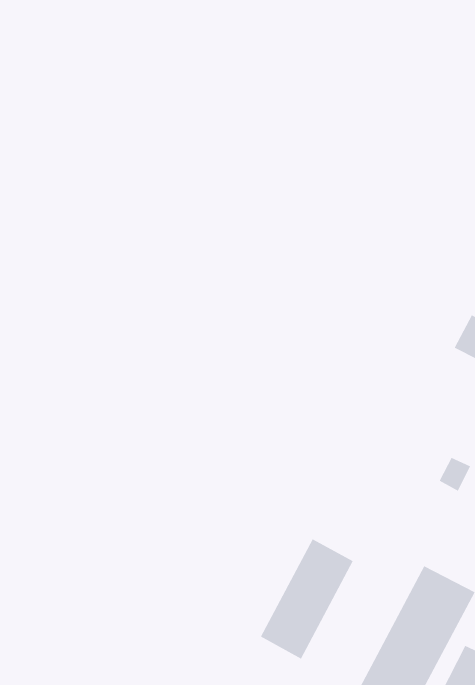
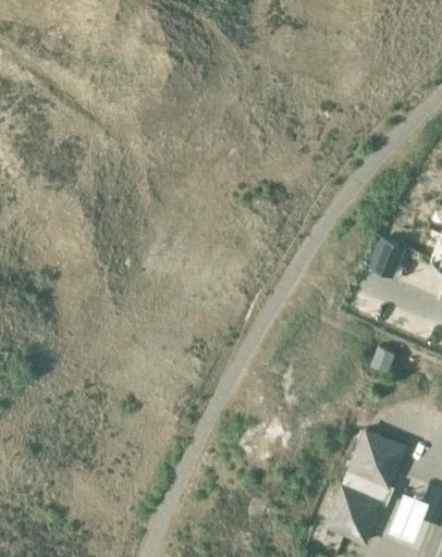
building: [260,538,354,659] -> none

